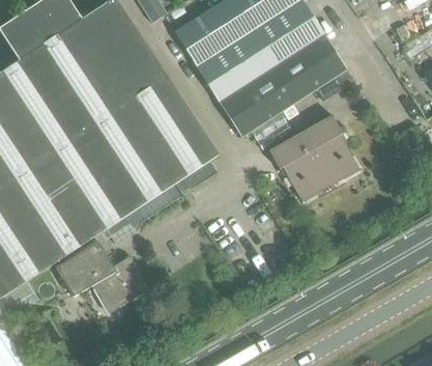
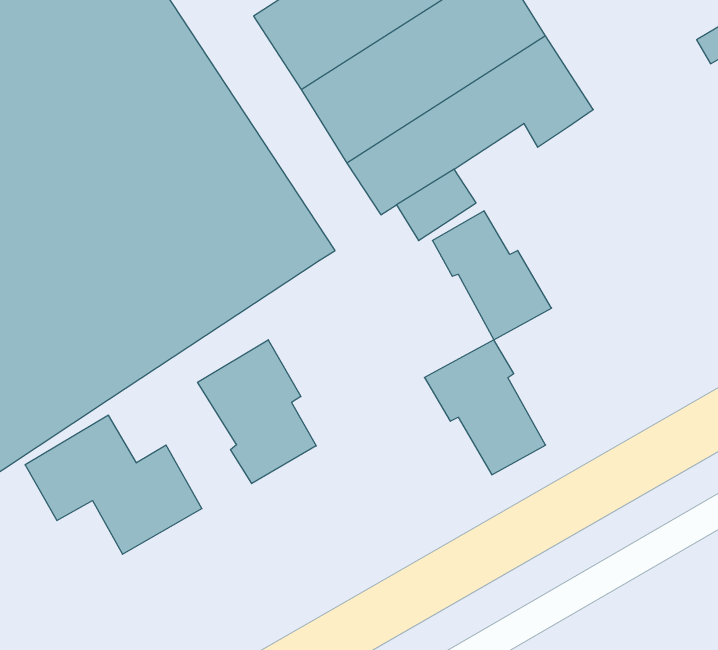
building: [296,114,359,185] -> [424,340,546,475]
building: none -> [198,340,316,484]

